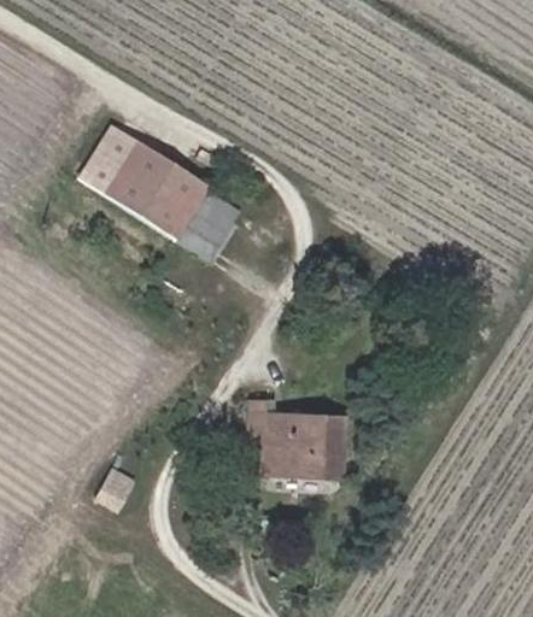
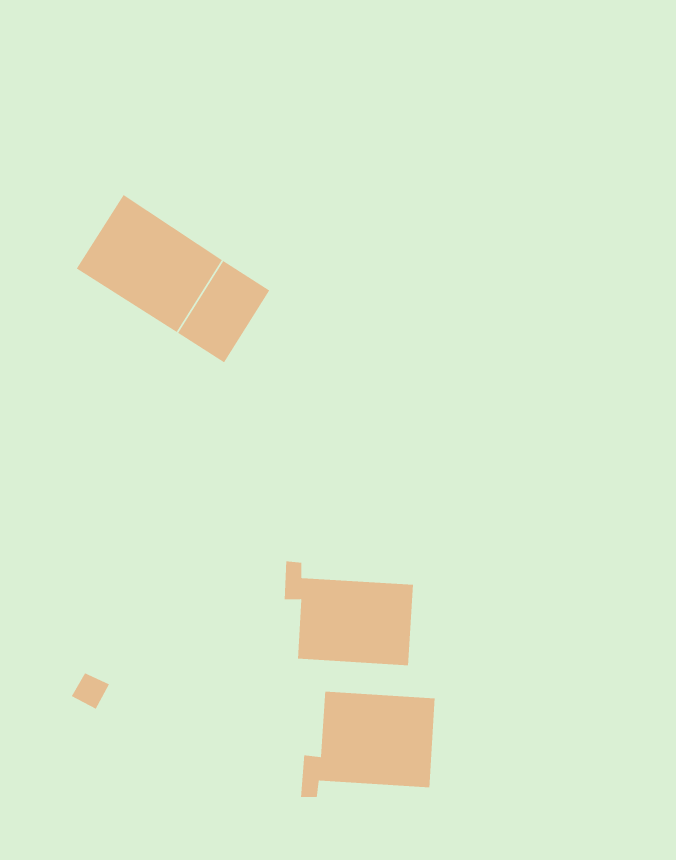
building: [78,124,135,192] -> none
building: none -> [300,691,435,798]

